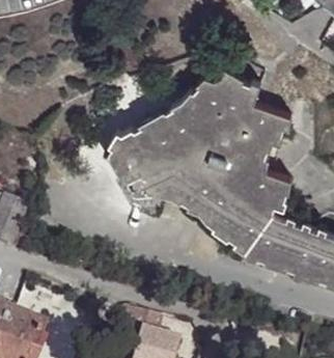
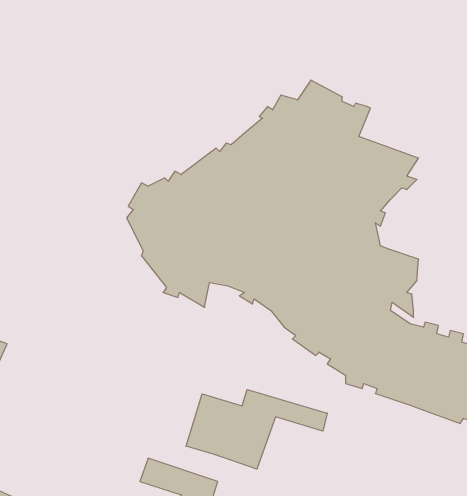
building: none -> [186,390,327,469]

